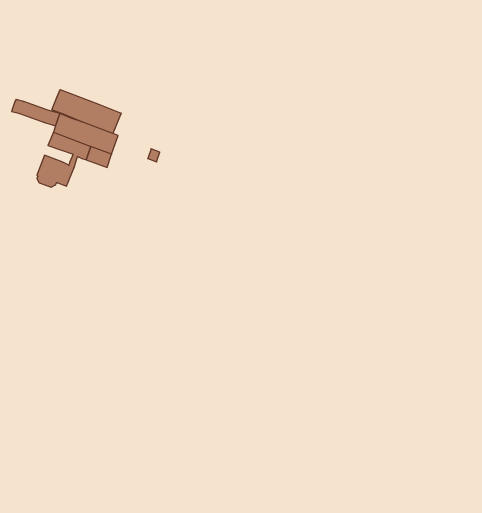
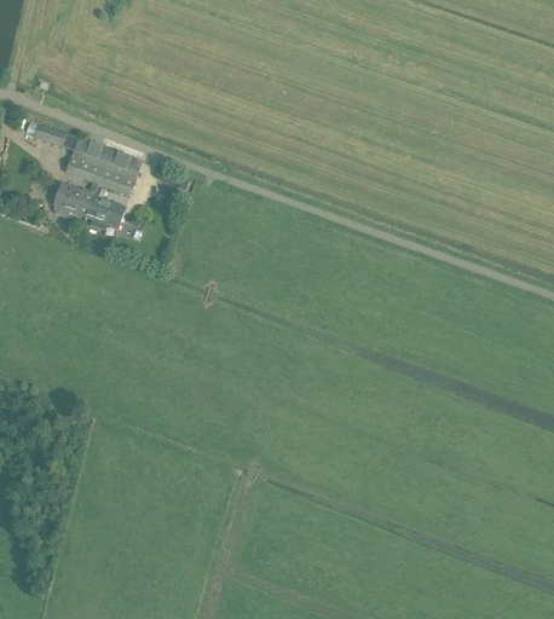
building: [52,90,121,133] -> none
building: none -> [85,195,125,228]

